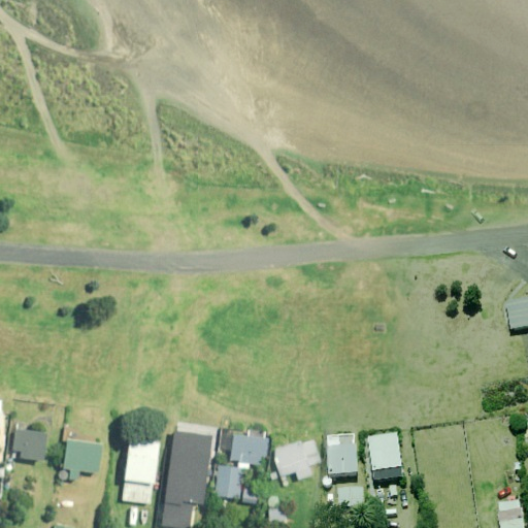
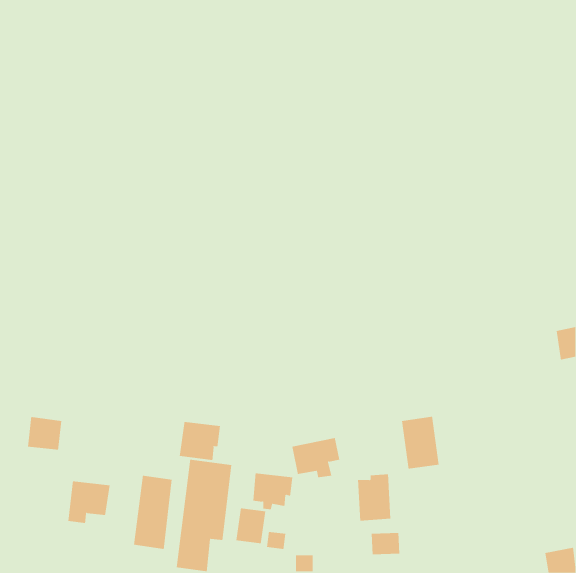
building: none -> [179,421,220,461]
building: [12,429,44,460] -> [27,416,62,450]
building: [369,435,404,484] -> [401,416,440,469]
building: [274,441,319,478] -> [292,437,340,478]

